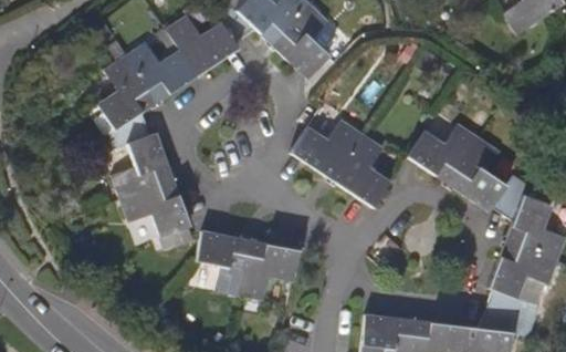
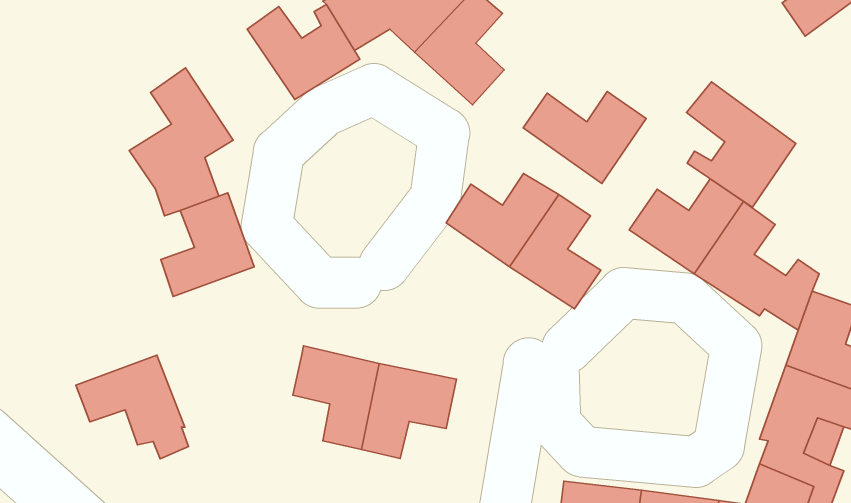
building: [129,30,198,100] -> none
building: none -> [687,82,796,207]
building: none -> [523,92,646,184]
building: [122,179,192,245] -> [76,355,188,459]

